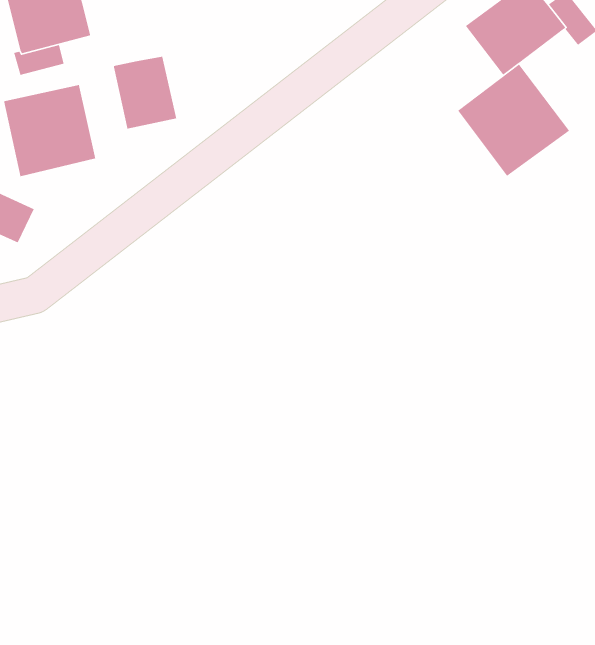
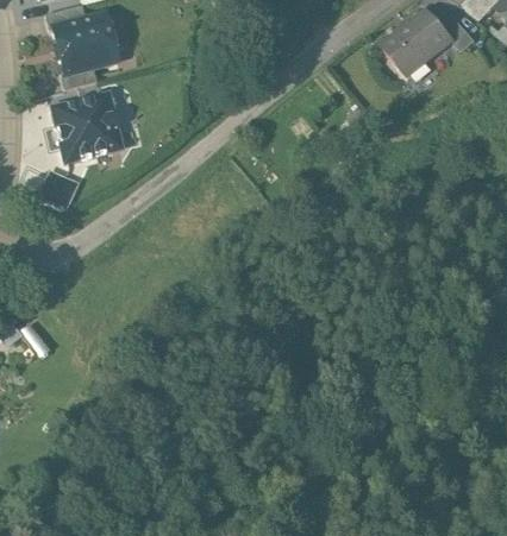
building: [113,56,177,129] -> none
building: [457,63,570,177] -> none

